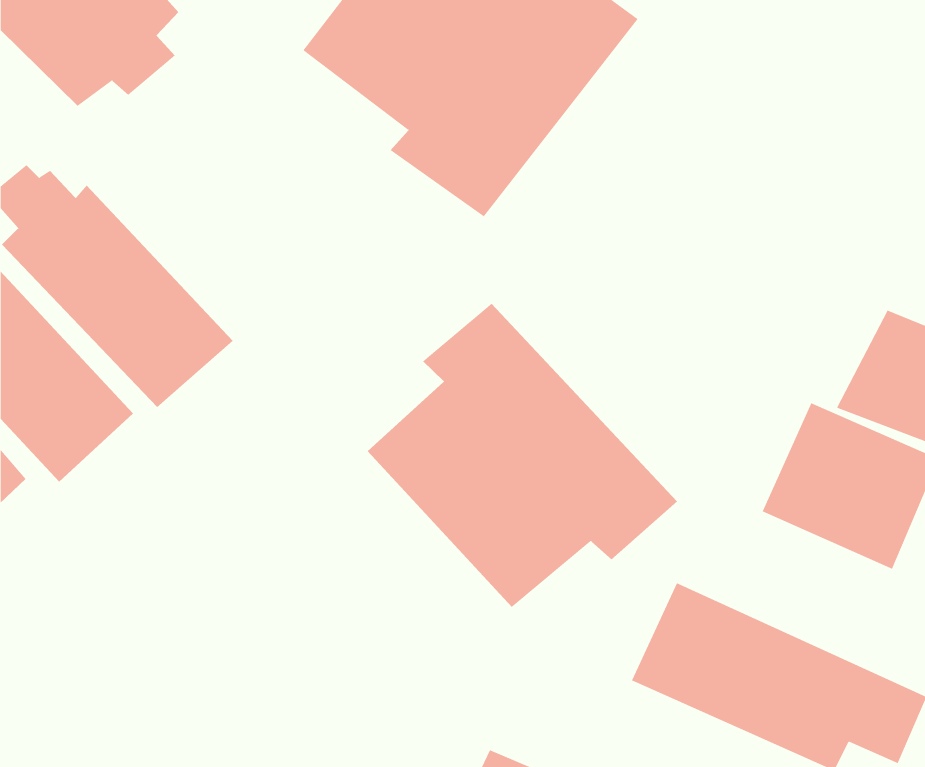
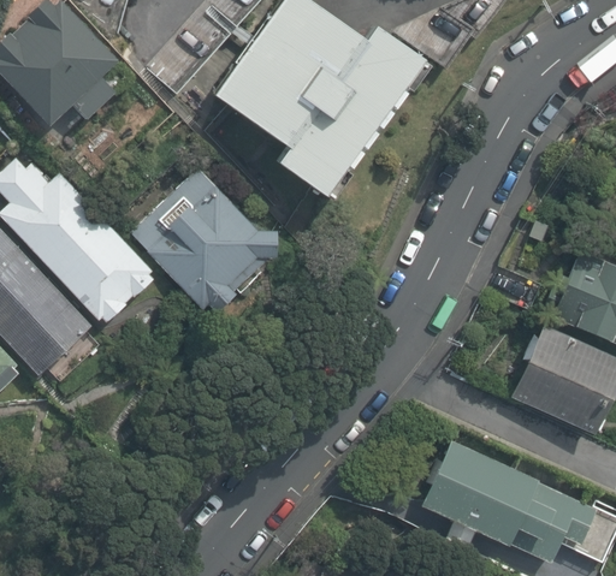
building: none -> [134,172,280,314]
building: [367,303,678,608] -> none

